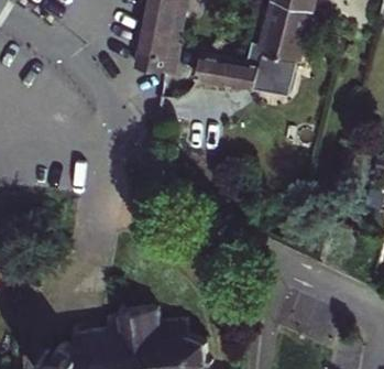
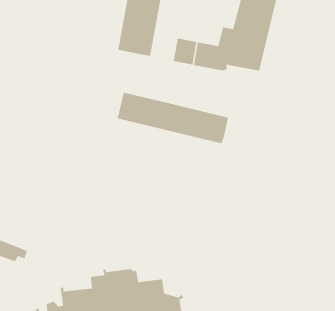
building: none -> [117,92,229,144]

